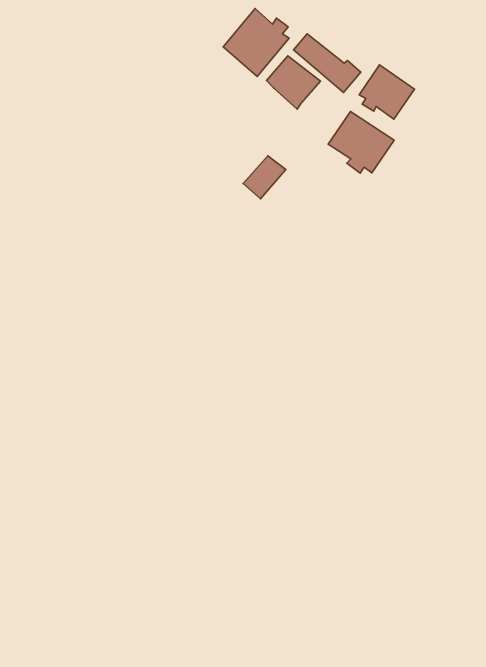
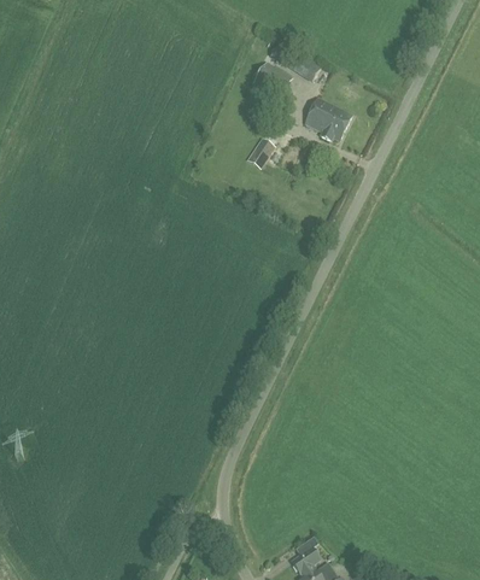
building: [223,9,289,76] -> none
building: [359,65,414,119] -> none

